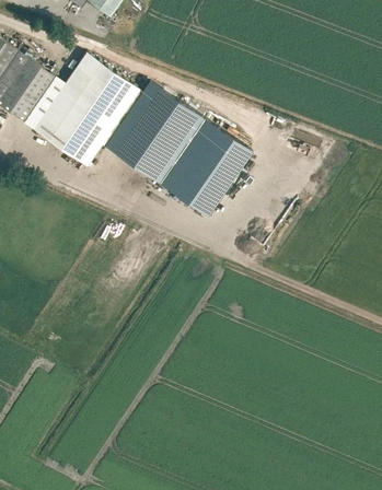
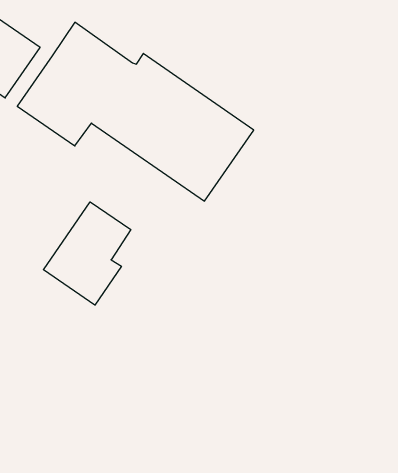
building: none -> [43,202,131,305]

